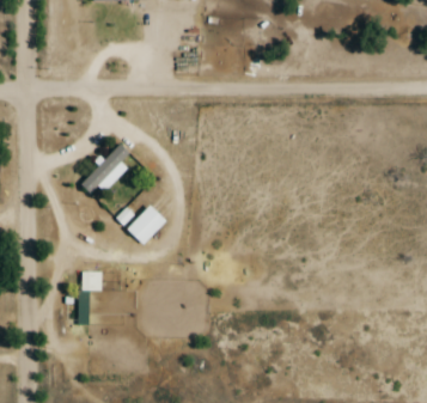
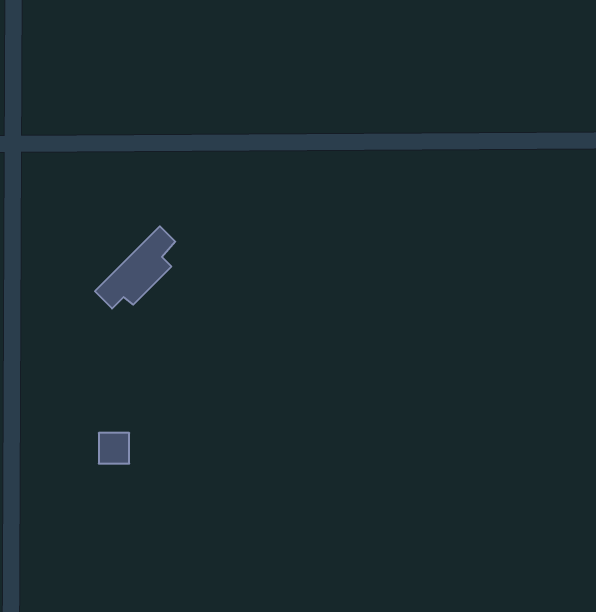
building: [126,203,166,244] -> none

